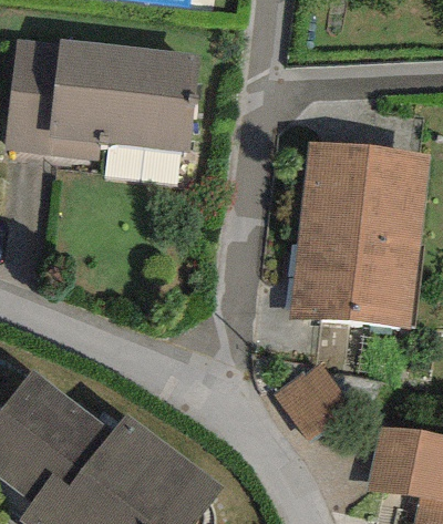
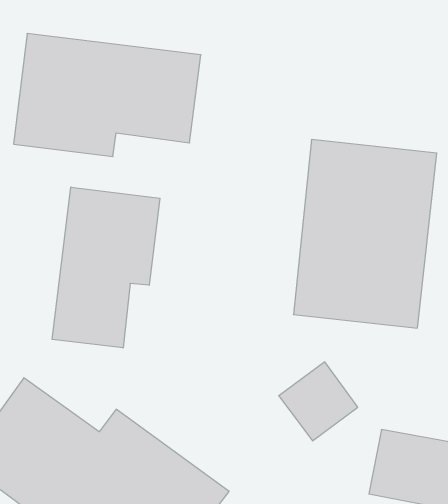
building: none -> [52,187,160,348]

